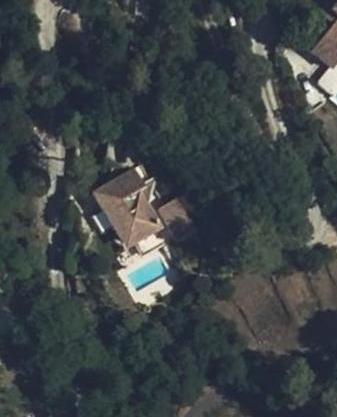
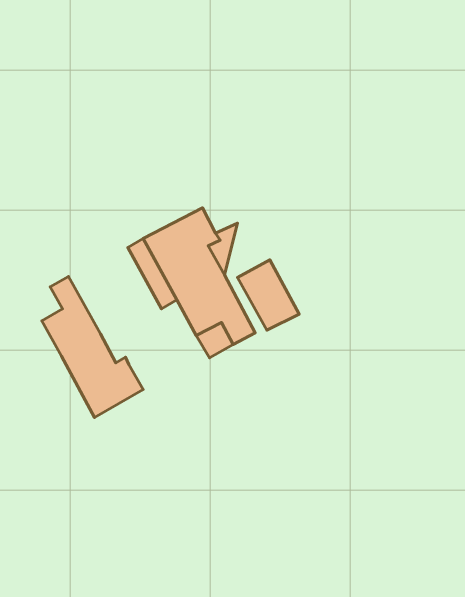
building: none -> [42,277,143,418]

